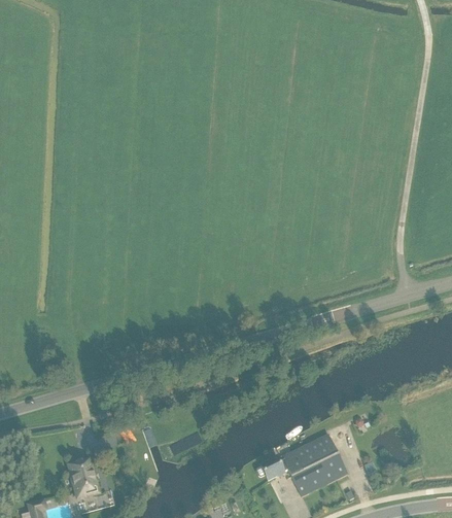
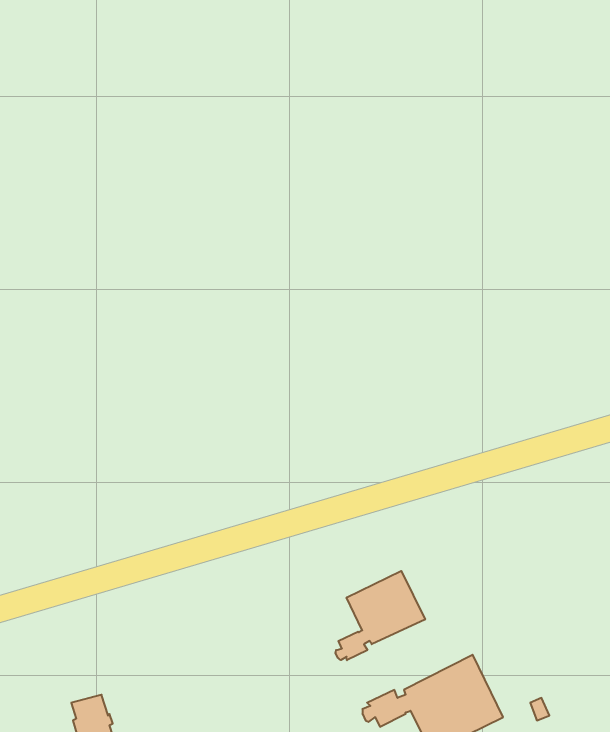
building: none -> [336,571,425,660]

